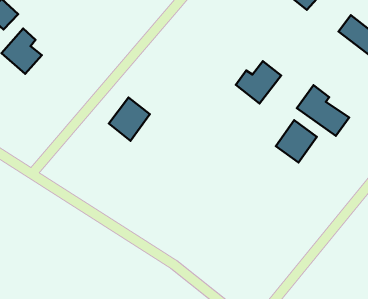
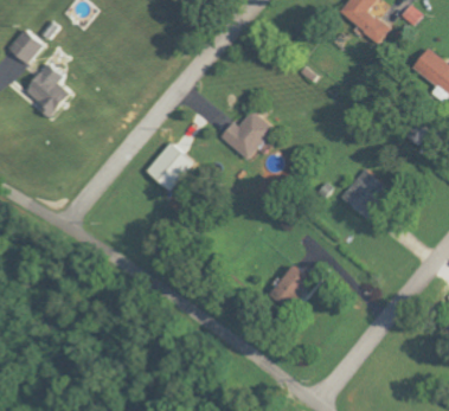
building: [236,61,281,103] -> [220,110,272,159]
building: [297,85,349,136] -> none
building: none -> [271,264,310,304]

